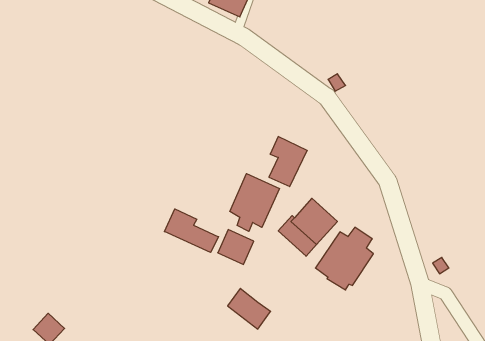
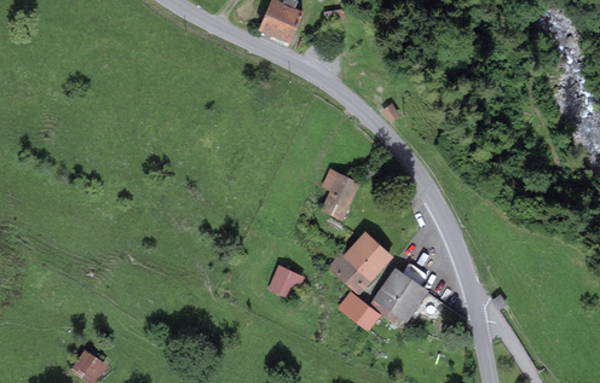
building: [230,174,279,231] -> none
building: [164,209,219,252] -> none
building: [228,288,271,329] -> [338,290,382,332]

